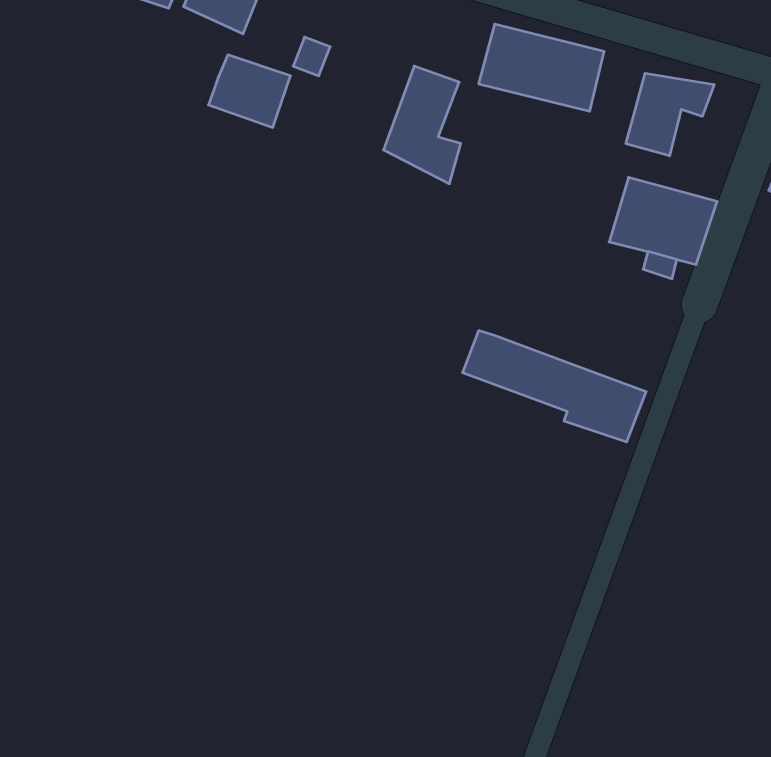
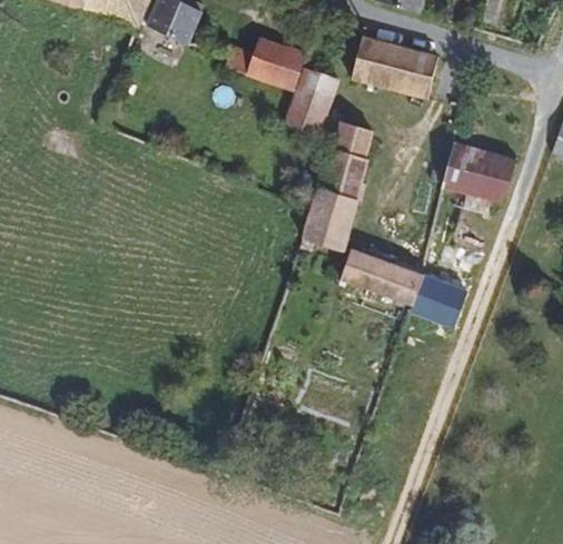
building: [208,55,291,127] -> [247,38,304,88]
building: [626,73,714,156] -> none
building: none -> [304,119,371,250]

